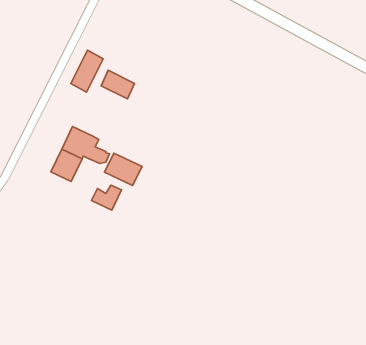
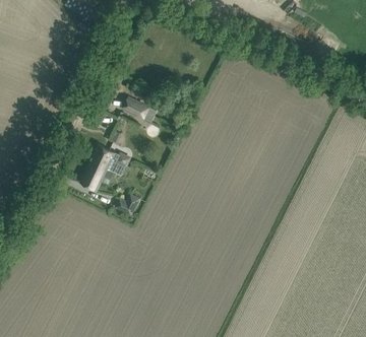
building: [71,50,103,92] -> none
building: [104,153,142,185] -> none

